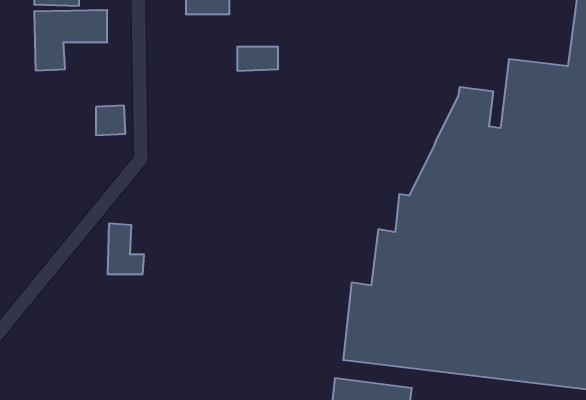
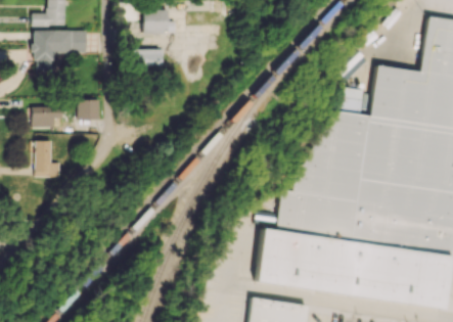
building: [237,47,278,71] -> [133,49,163,66]
building: none -> [32,106,61,127]
building: [108,224,144,274] -> [34,140,60,177]

